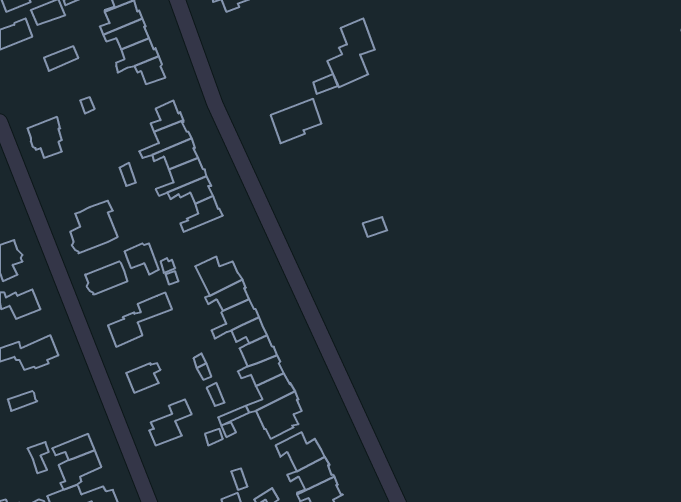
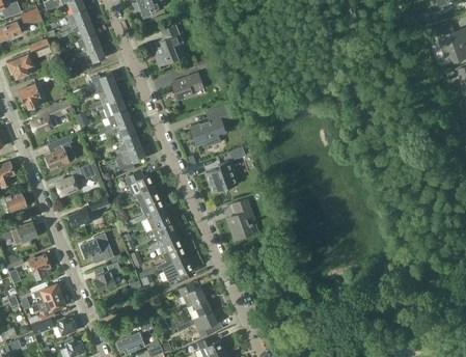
building: [327,18,375,87] -> [153,23,183,66]
building: none -> [6,52,33,79]
building: none -> [30,99,74,134]
building: none -> [191,105,230,144]
building: none -> [115,145,145,175]
building: none -> [205,160,238,192]
building: none -> [226,197,255,239]
building: none -> [28,253,52,279]

